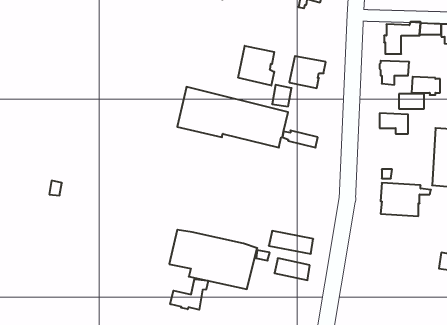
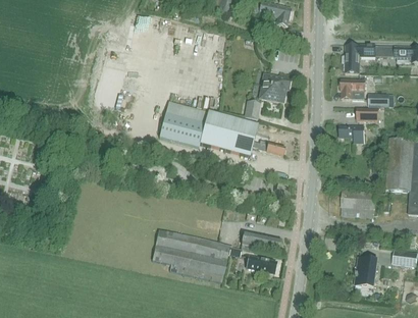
building: [238,46,274,86] -> none
building: none -> [355,258,377,287]
building: [170,279,208,310] -> none

